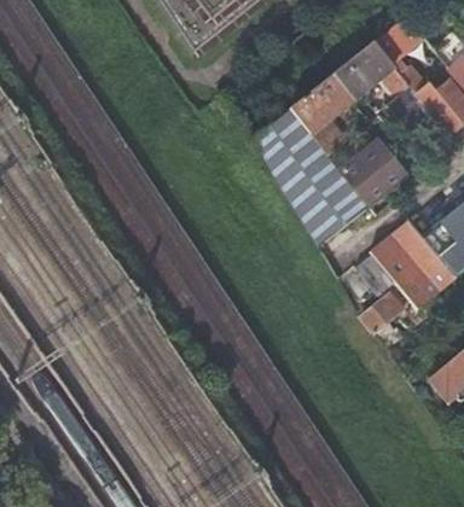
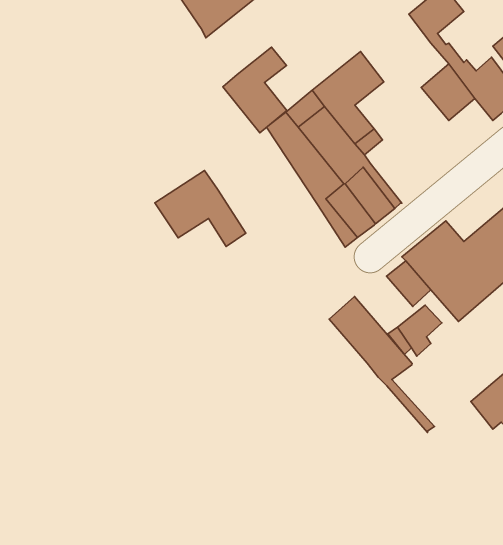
building: [332,39,394,98] -> none
building: none -> [223,47,287,133]
building: [341,141,404,204] -> none
building: none -> [155,170,246,246]
building: none -> [329,297,434,432]

